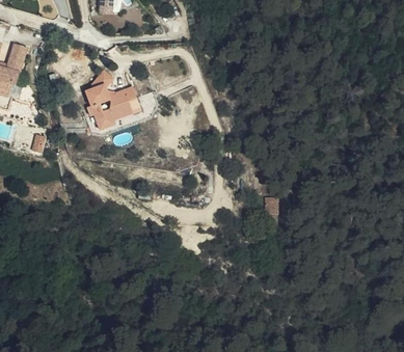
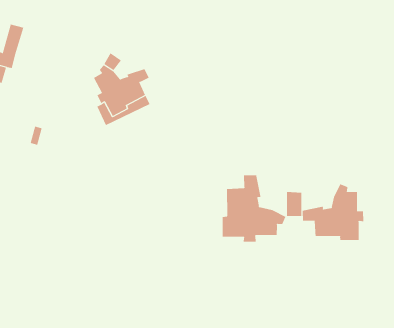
building: none -> [222,174,286,243]
building: none -> [302,183,364,241]

